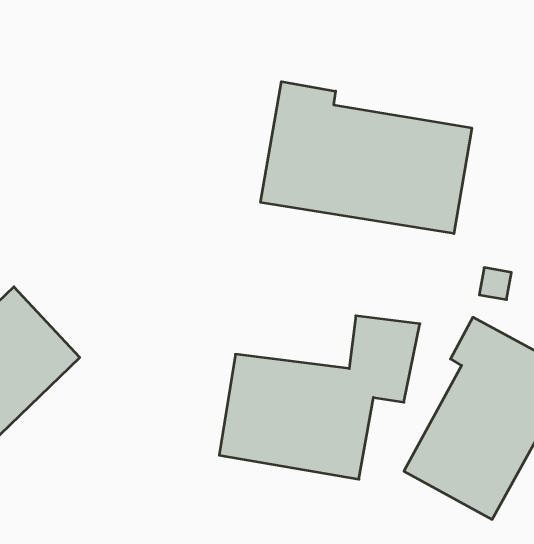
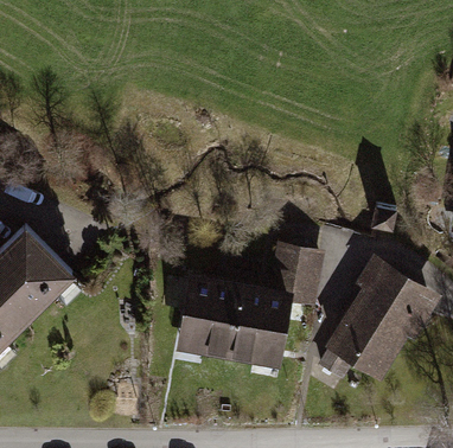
building: [261,82,472,234] -> none

